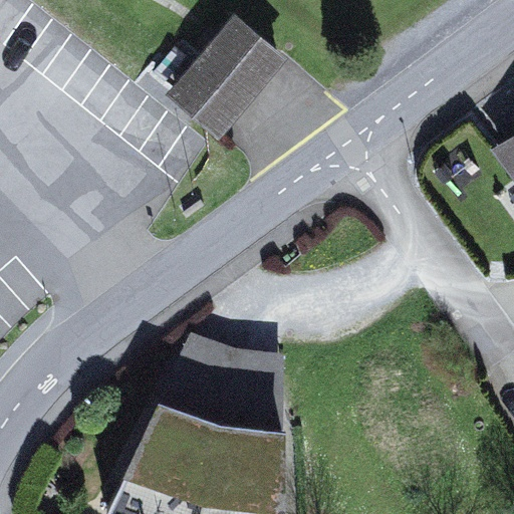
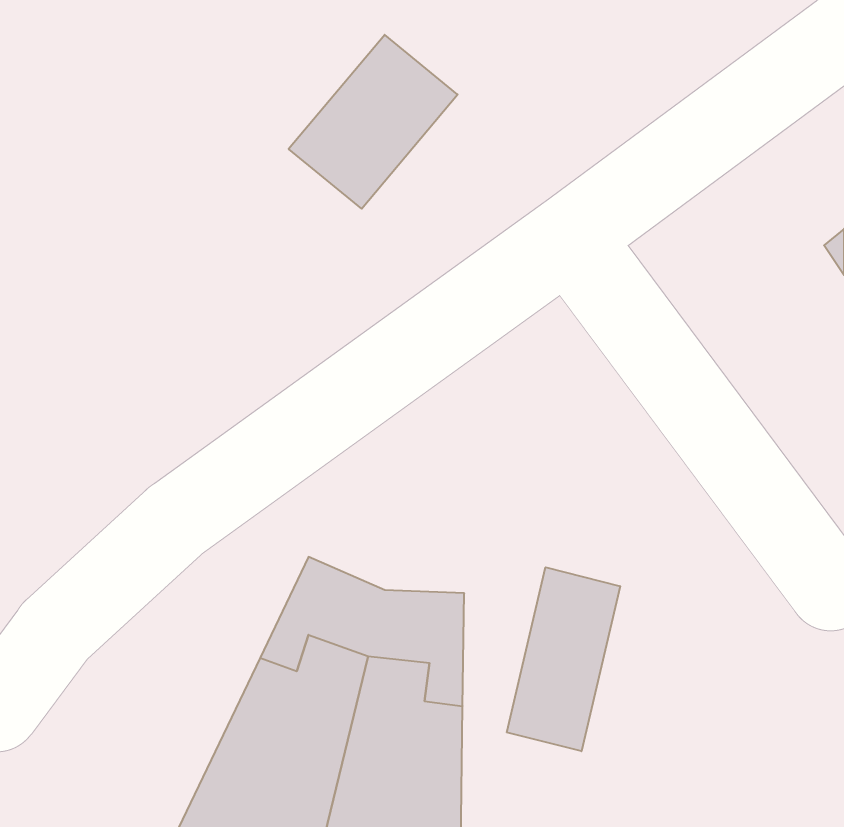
building: none -> [507,567,620,751]

